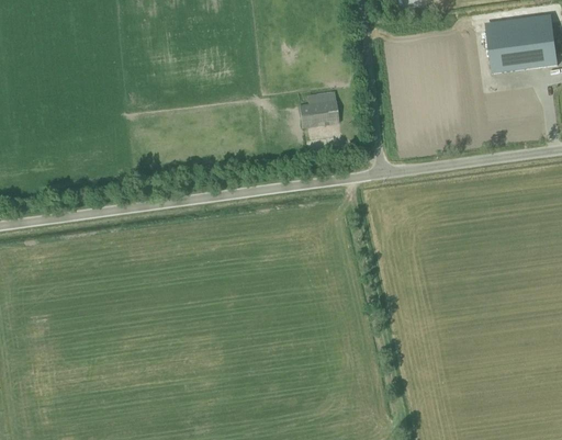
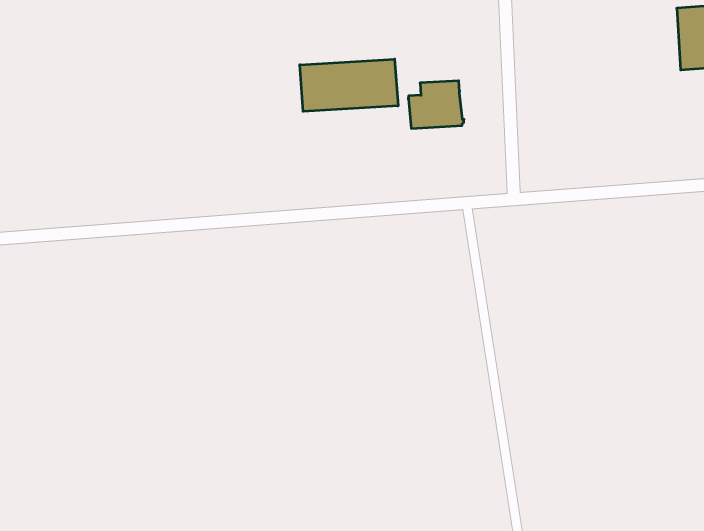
building: none -> [300,59,398,111]

